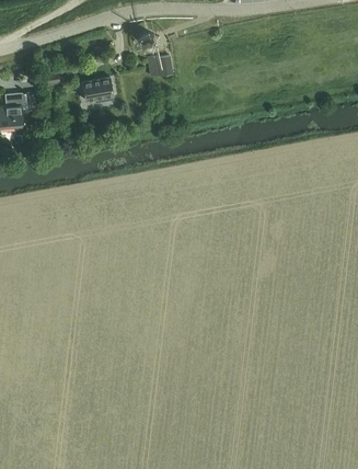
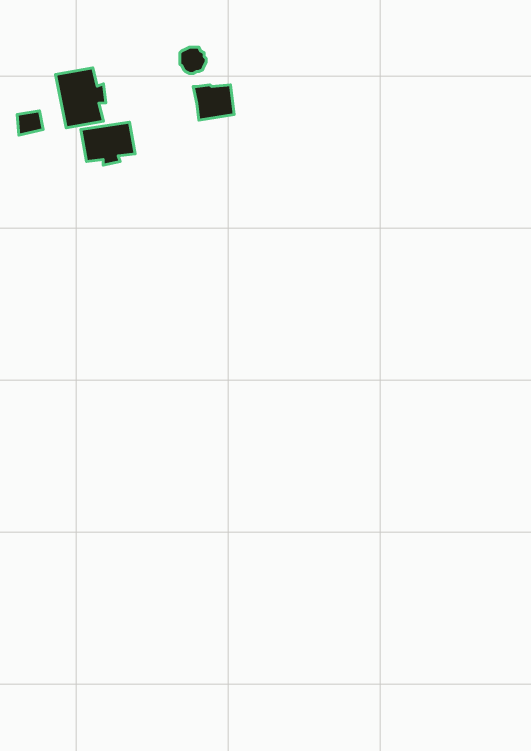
building: none -> [55,68,106,128]

